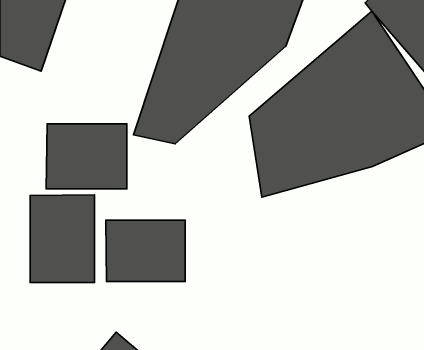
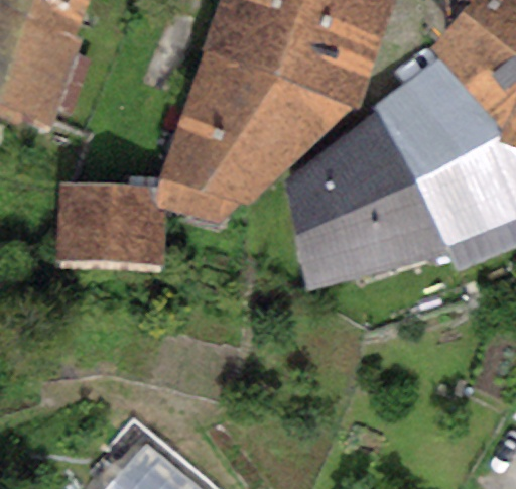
building: [30,195,94,283] -> none
building: [106,220,185,281] -> none

